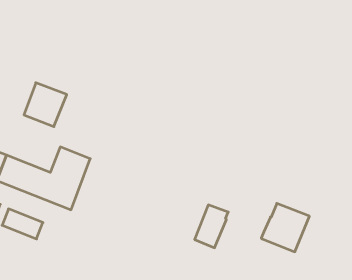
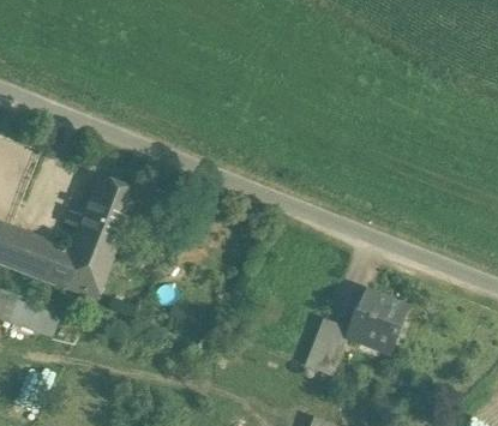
building: [24,83,67,127] -> [82,175,138,233]
building: [195,205,228,248] -> [306,319,350,376]

